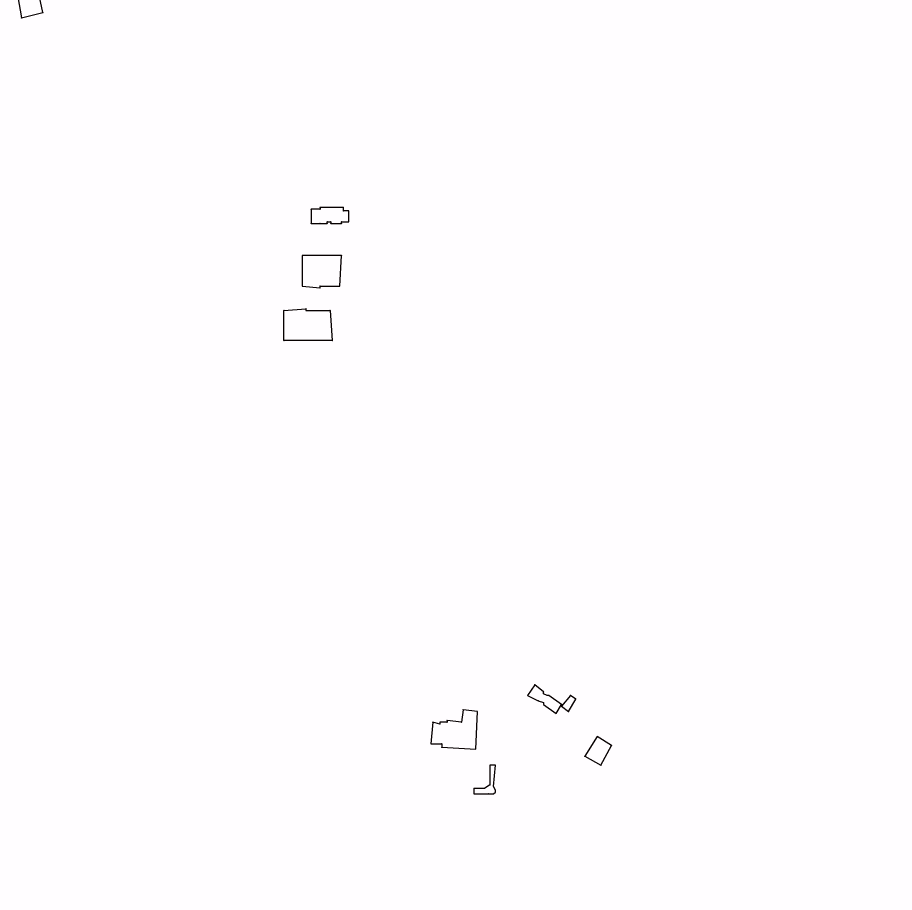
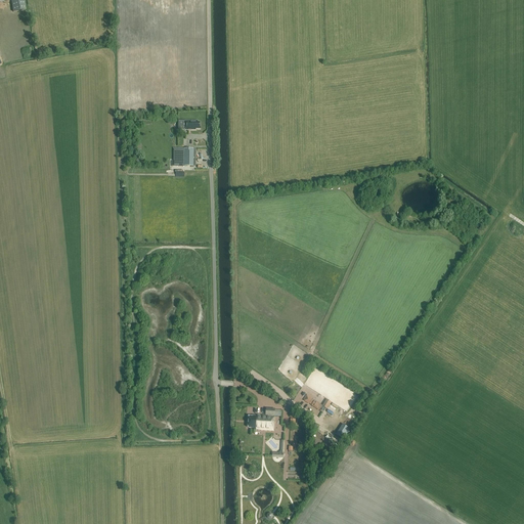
building: [284,309,332,341] -> none

